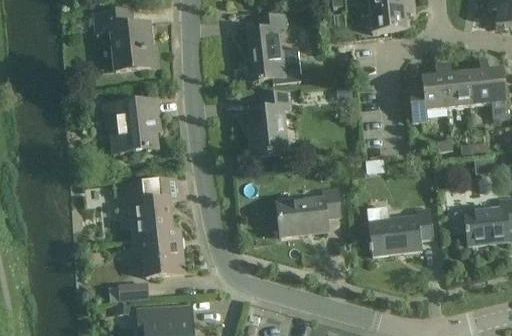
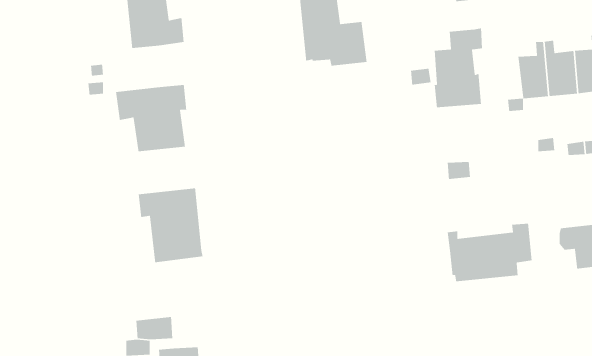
building: [249,91,288,155] -> [434,28,483,108]
building: [277,187,339,234] -> none
building: [133,228,184,275] -> none

